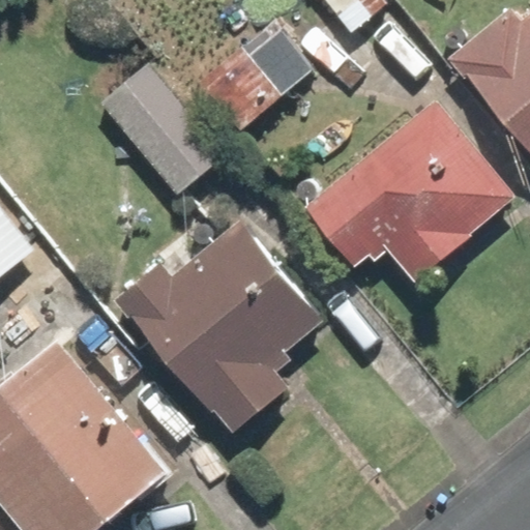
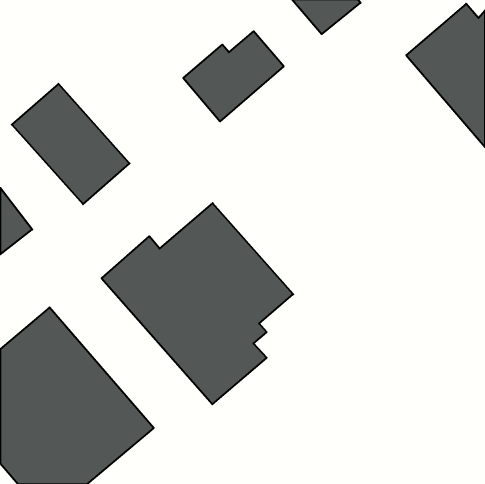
building: [98,61,227,193] -> [12,84,130,204]
building: [297,94,520,288] -> none

